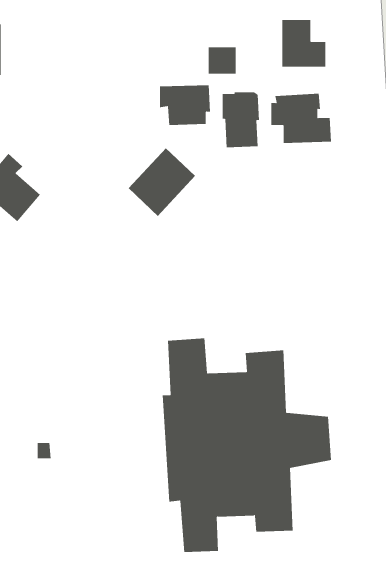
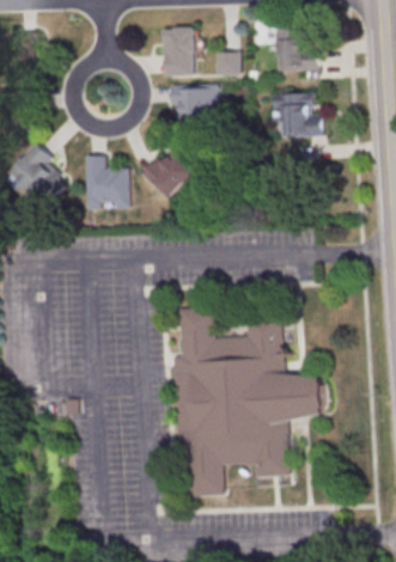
building: [222,92,260,148] -> [164,26,197,75]
building: none -> [85,154,130,209]

